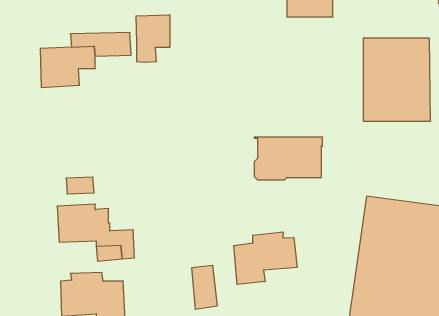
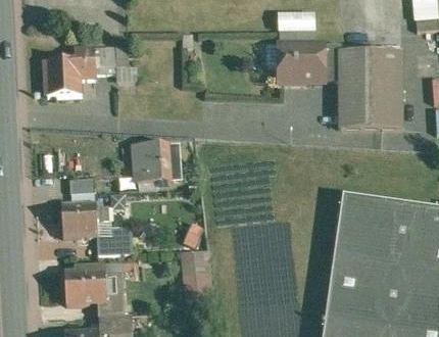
building: [136,15,170,62] -> none
building: [254,137,323,180] -> [279,43,341,82]
building: none -> [135,142,181,182]
building: [234,232,297,284] -> none

